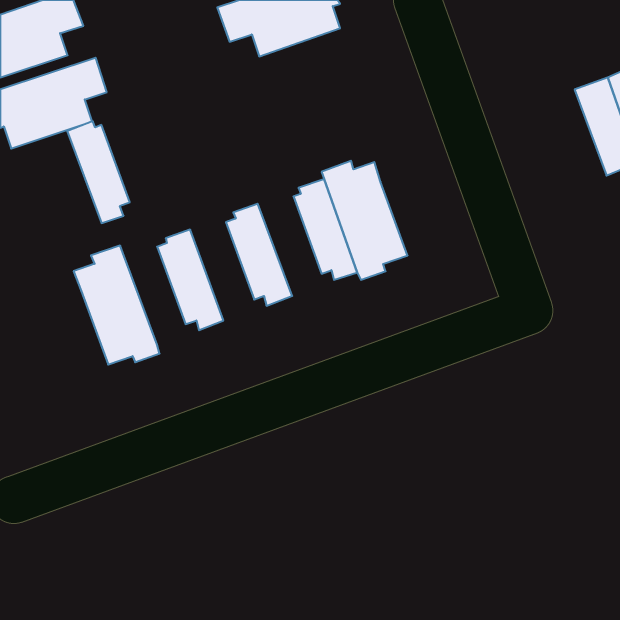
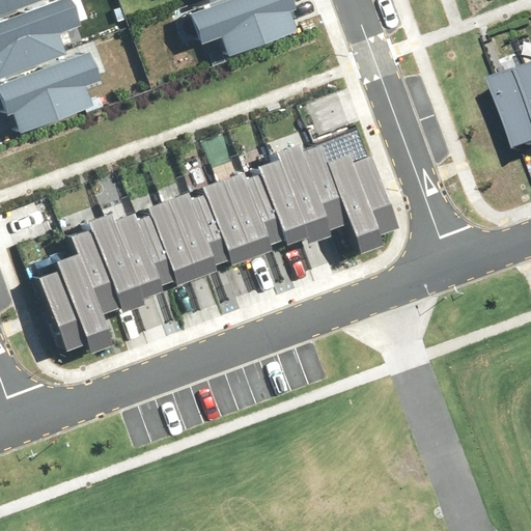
building: [67,121,130,223] -> [110,212,163,298]
building: none -> [328,151,400,253]
building: none -> [224,171,278,256]
building: none -> [167,193,221,277]
building: none -> [37,252,108,353]

